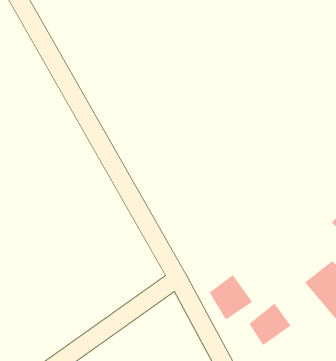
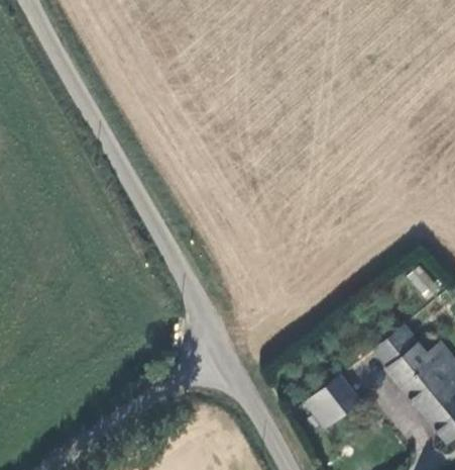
building: [209,274,253,321] -> none

